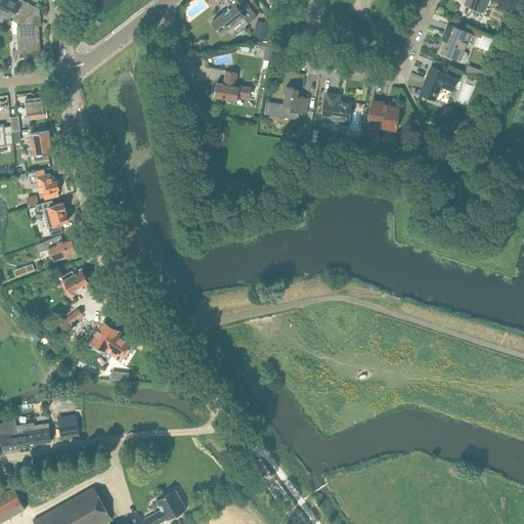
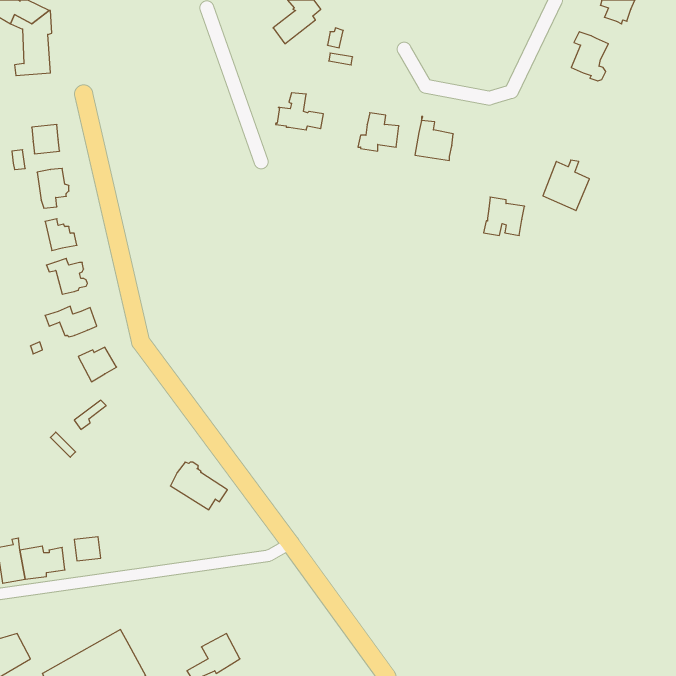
building: [420,67,455,105] -> [543,160,589,211]
building: [366,101,398,131] -> [484,197,525,235]
building: [92,322,136,359] -> [170,462,227,510]

